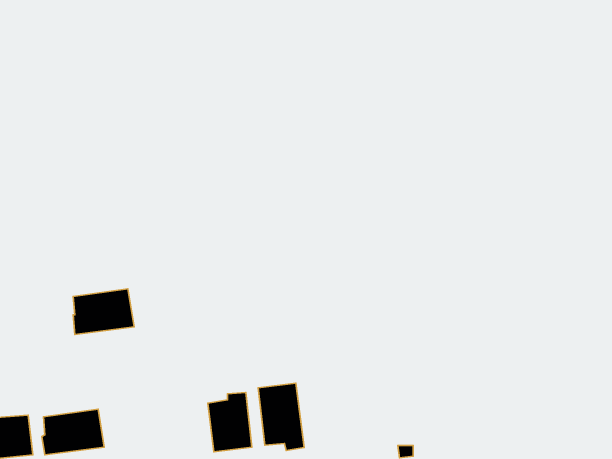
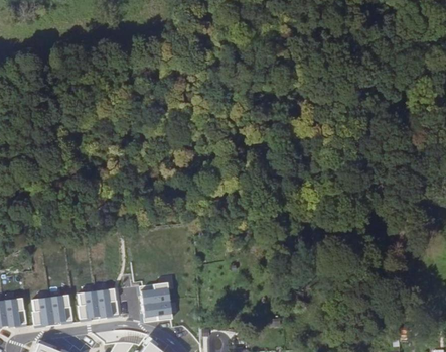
building: [73,289,134,335] -> [79,289,119,320]
building: [258,383,304,451] -> none

